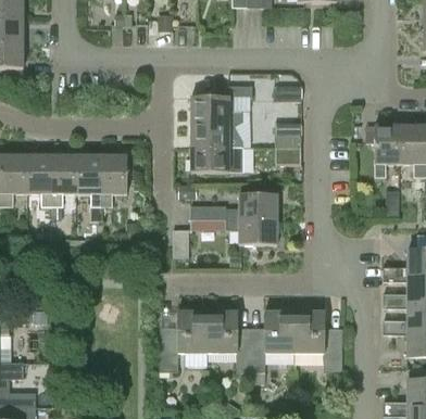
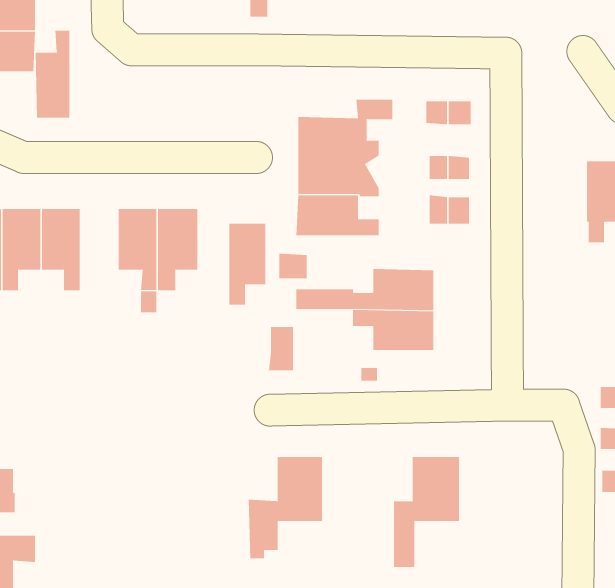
building: none -> [35,30,70,118]
building: [52,154,76,206] -> [229,223,266,305]
building: [206,312,251,371] -> none
building: [293,312,342,372] -> none

